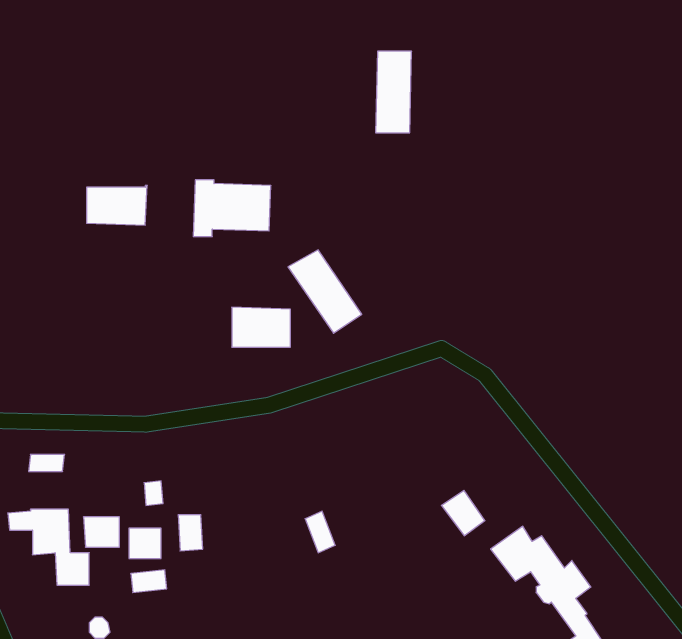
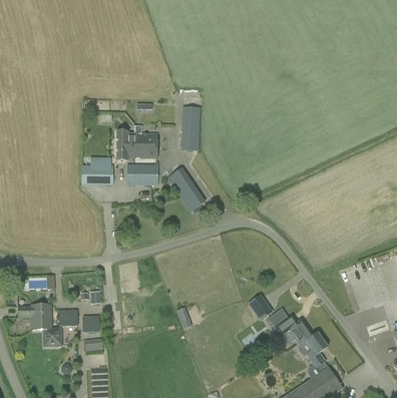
building: [376,51,412,133] -> [180,106,200,149]
building: [87,185,147,225] -> [81,163,113,184]
building: [232,307,290,347] -> [126,163,157,184]

